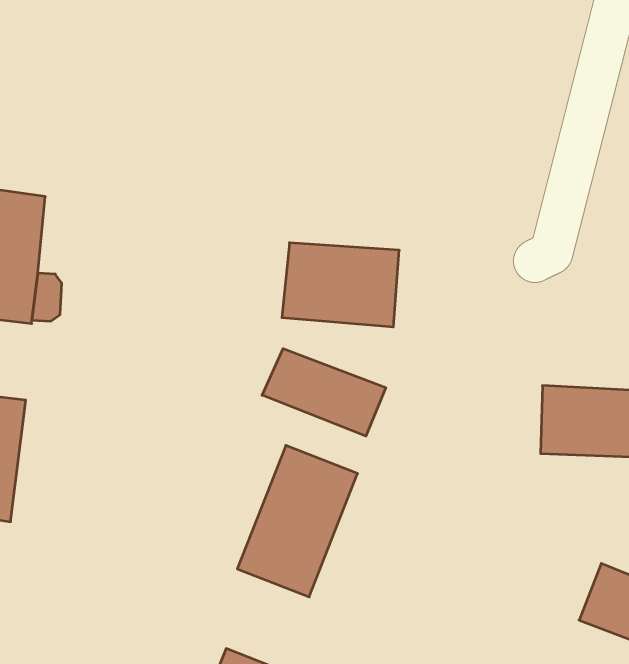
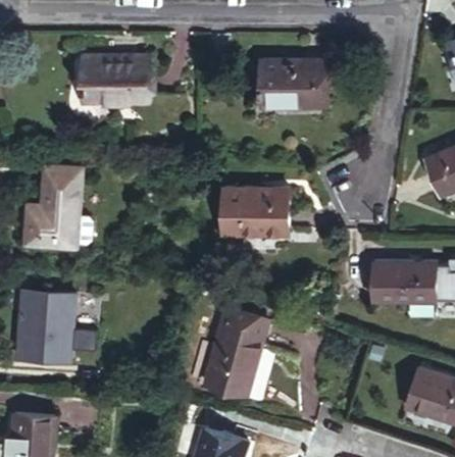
building: none -> [86,58,150,98]
building: none -> [261,59,328,104]
building: [262,349,386,436] -> none

